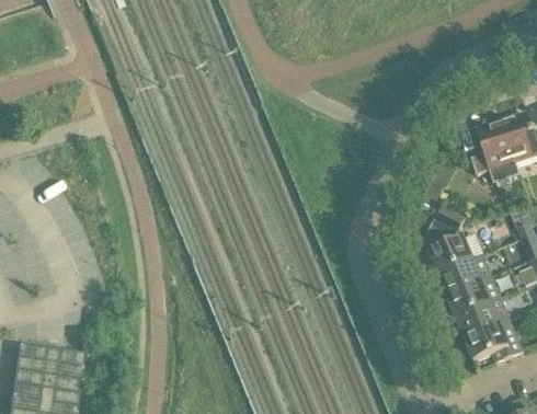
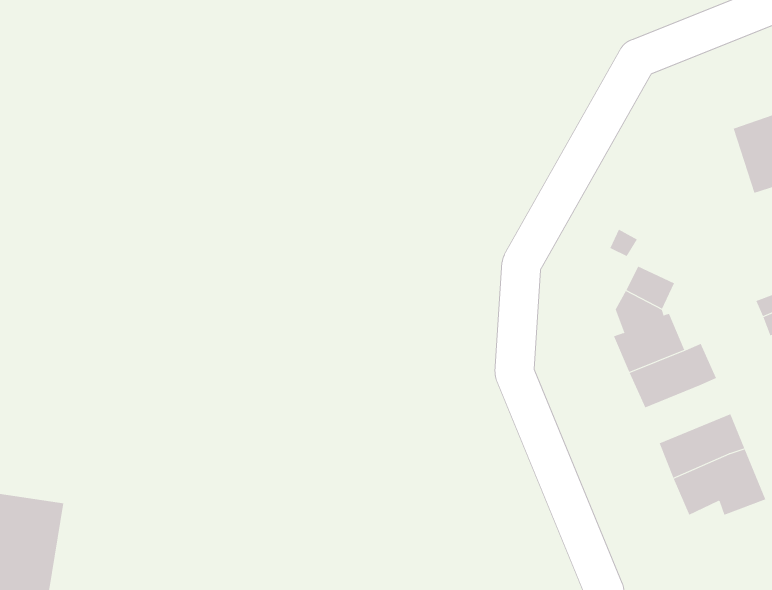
building: [471,119,519,182] -> none
building: [447,275,501,315] -> none

